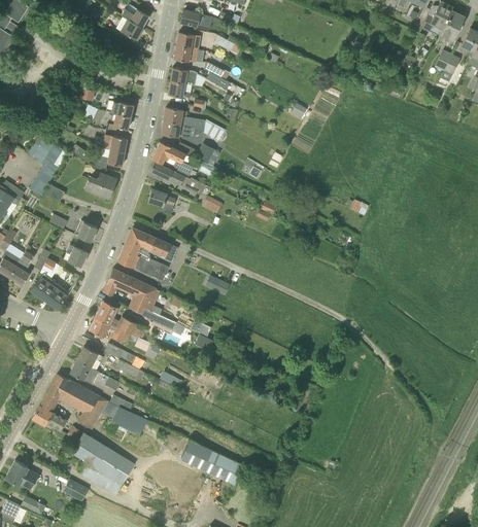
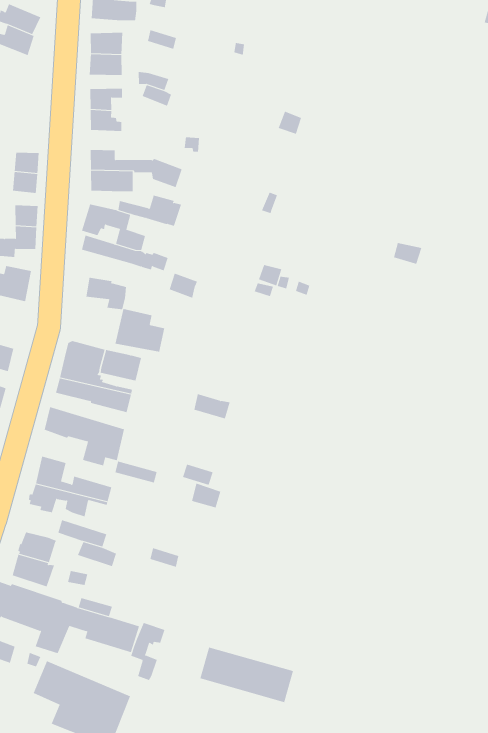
building: none -> [115,308,165,353]
building: none -> [131,622,165,681]

